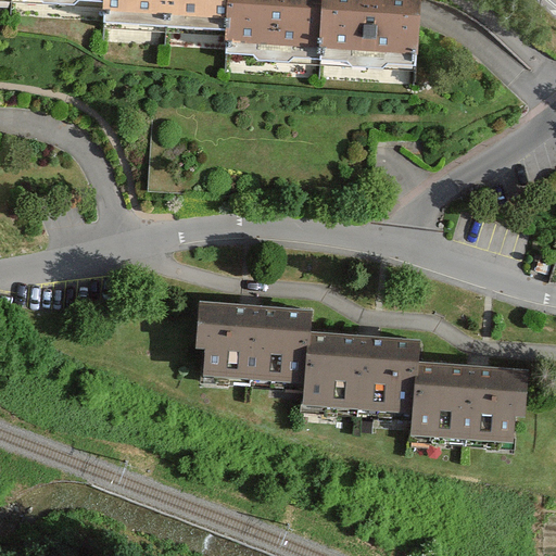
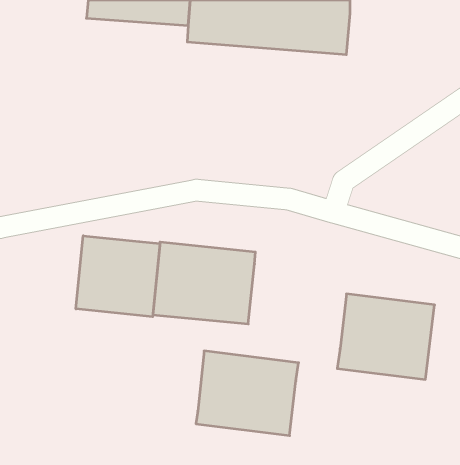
building: none -> [76,236,160,317]
building: [300,315,422,416] -> [196,351,299,436]

